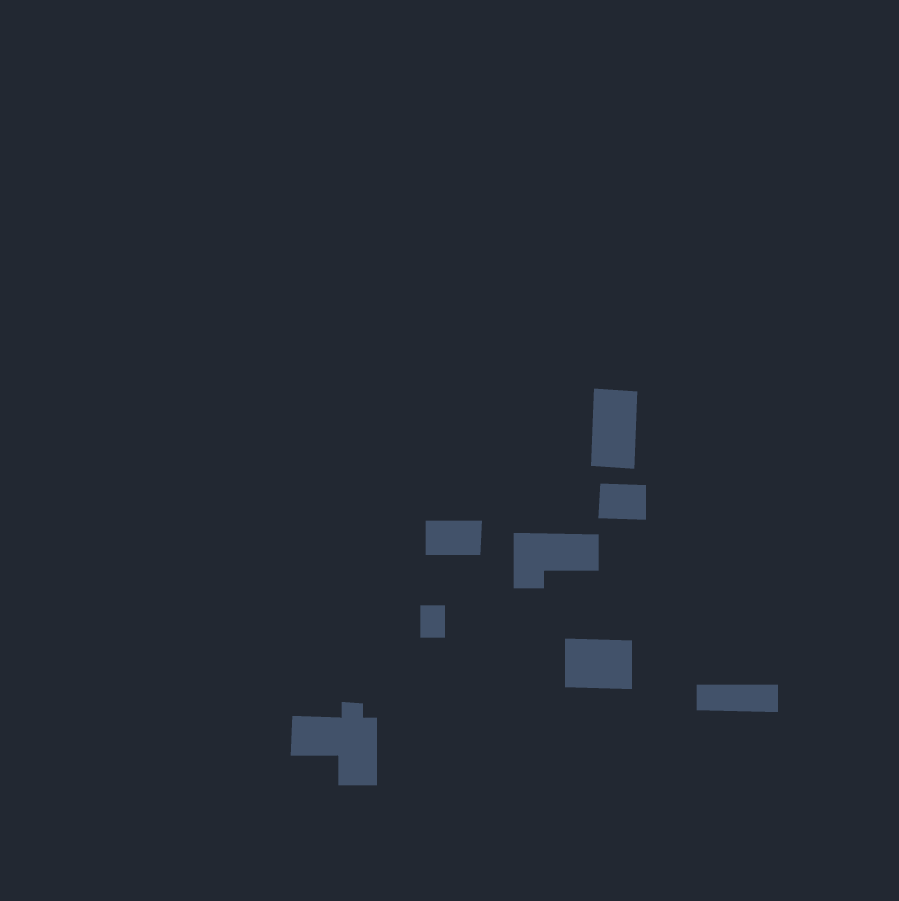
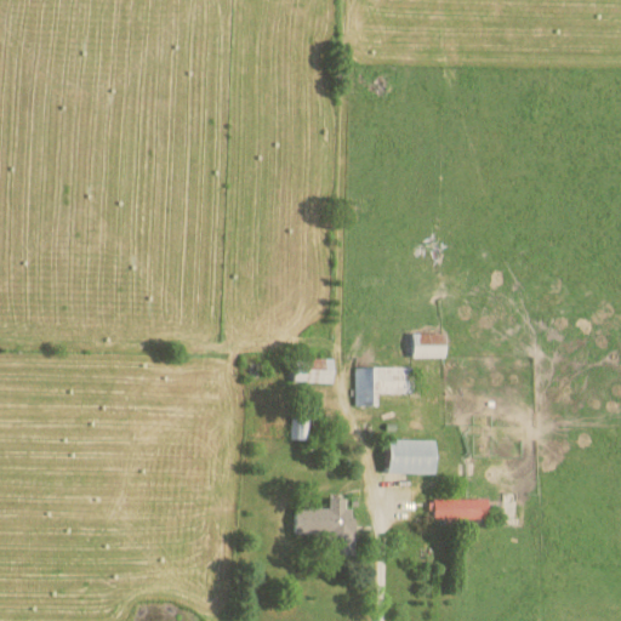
building: [591,388,638,470] -> none
building: [696,684,779,712] -> [432,500,489,519]
building: [290,701,378,786] -> [294,497,354,556]

